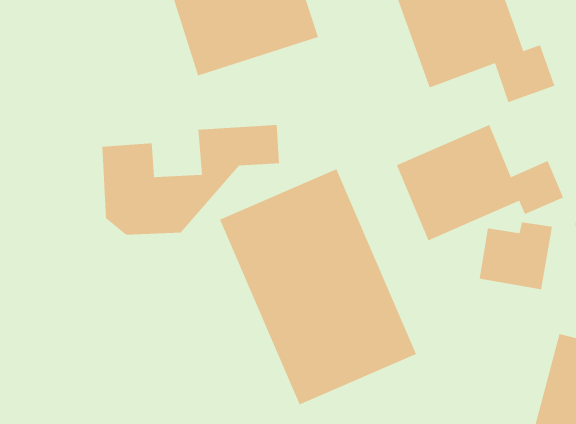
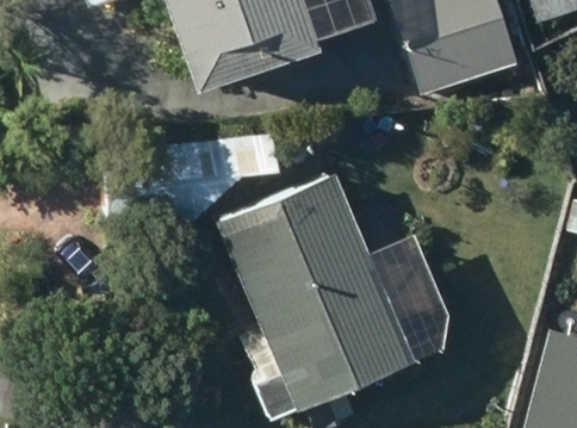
building: [396,124,564,241] -> none

